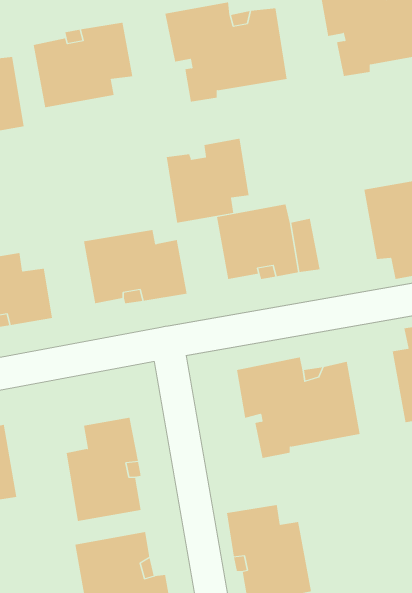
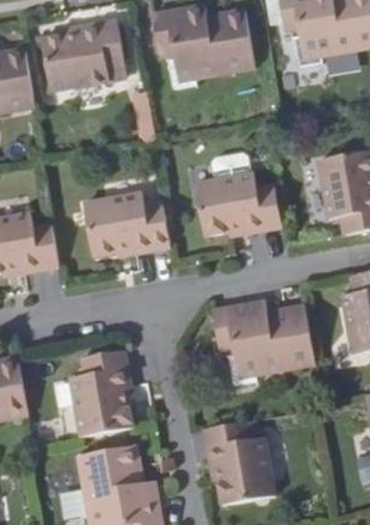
building: [166,138,249,224] -> none

